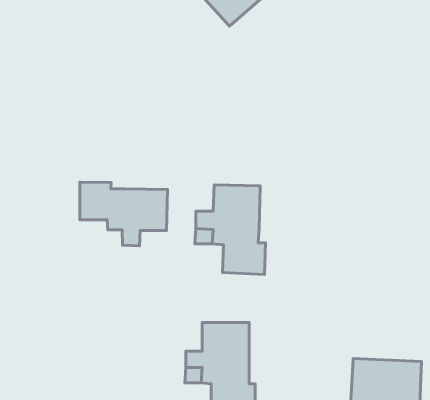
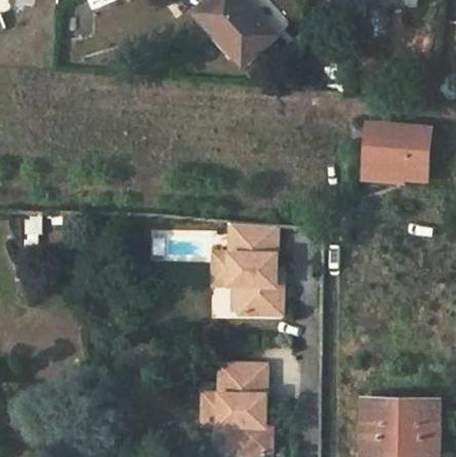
building: none -> [368,125,428,183]
building: [80,182,167,246] -> none

